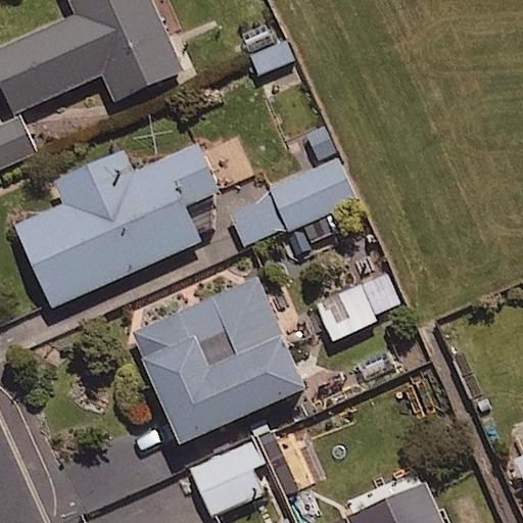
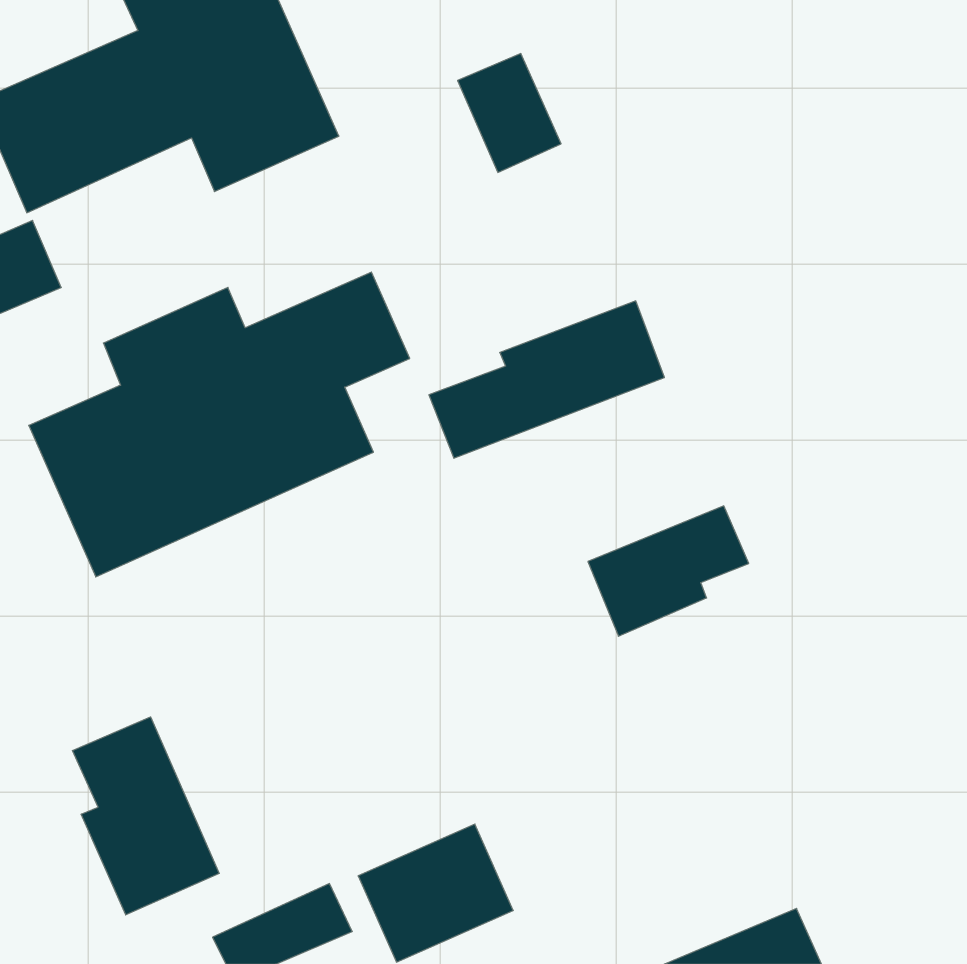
building: [132,278,308,449] -> none
building: none -> [73,717,219,915]

